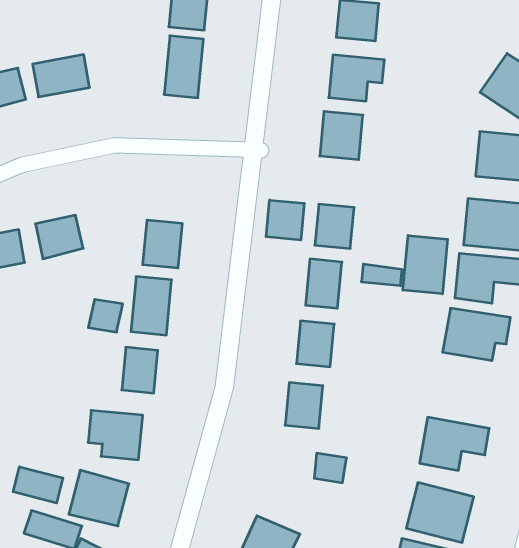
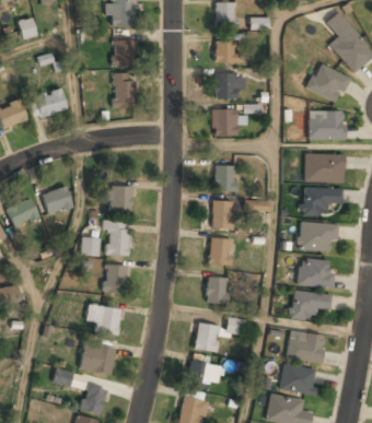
building: [266,200,304,240] -> none
building: [403,235,448,294] -> none
building: none -> [299,259,333,286]
building: none -> [197,325,219,351]
building: [13,467,63,503] -> none

